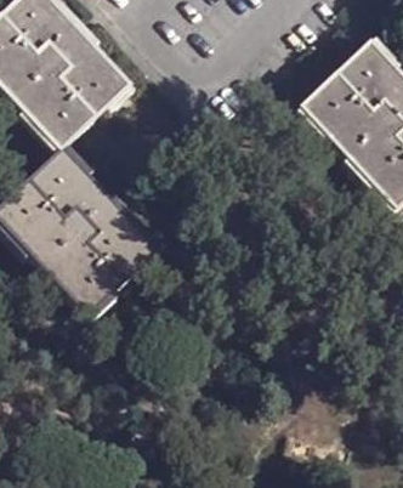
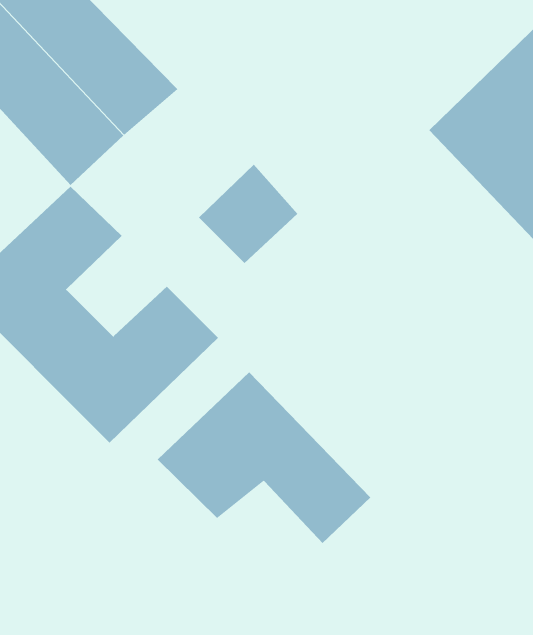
building: [59,178,125,244] -> [198,164,298,264]
building: none -> [157,371,371,544]

